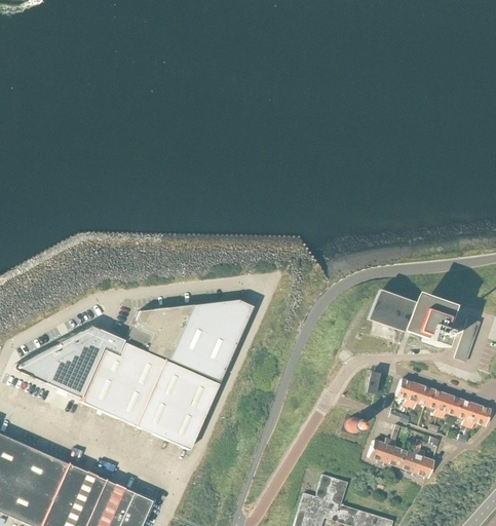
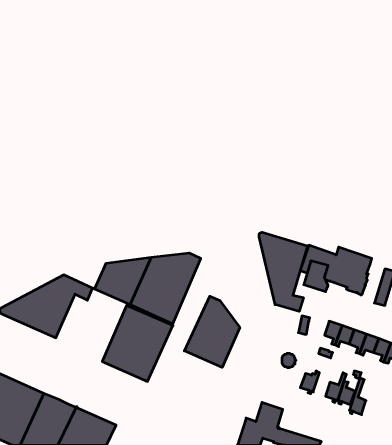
building: none -> [259,232,308,311]
building: [82,343,165,426] -> none
building: none -> [184,296,240,367]
building: [385,424,405,467] -> [349,378,366,415]

